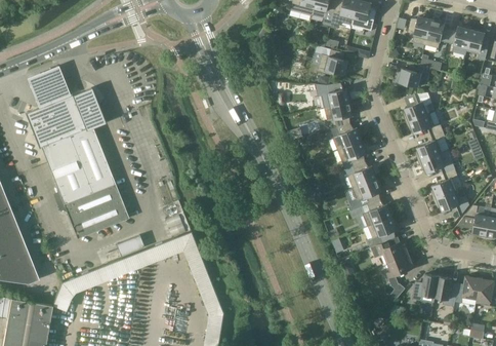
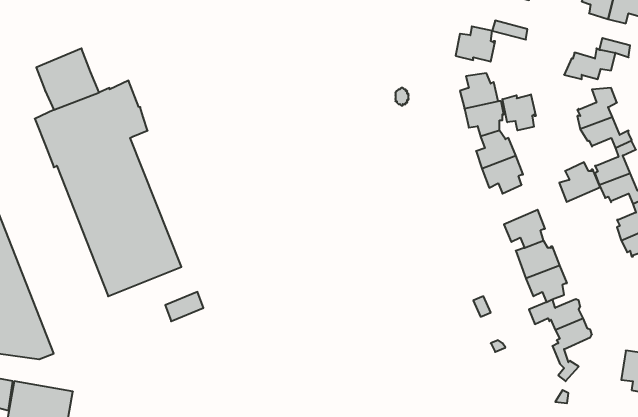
building: none -> [502,94,536,130]
building: [348,161,377,189] -> [559,162,600,202]
building: [412,274,439,302] -> none

